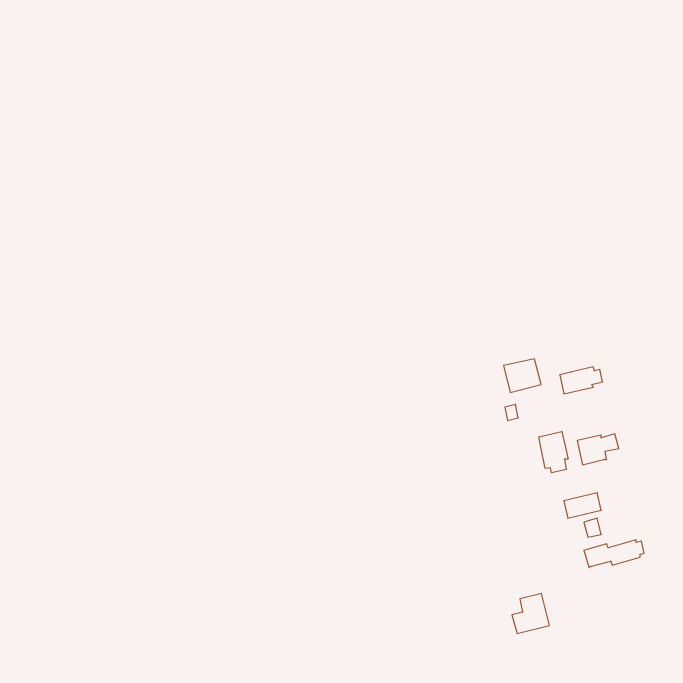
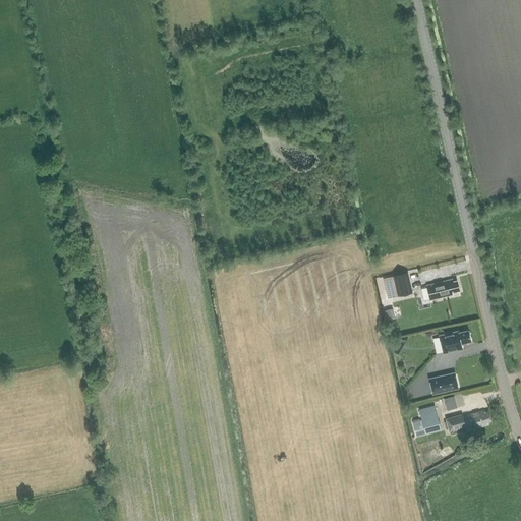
building: [539,431,568,473] -> none
building: [512,593,549,634] -> [411,405,440,436]

